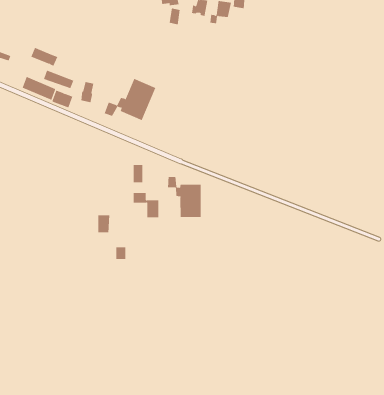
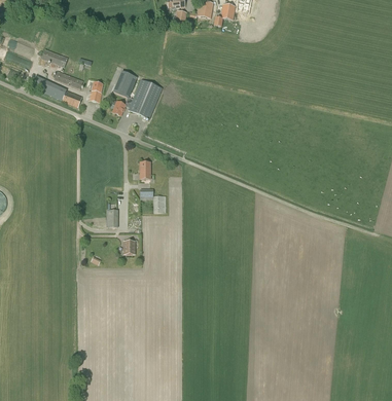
building: none -> [112,70,137,98]
building: [167,176,201,218] -> none

